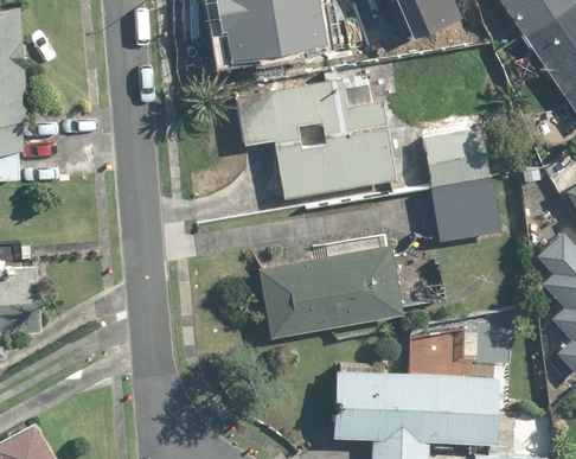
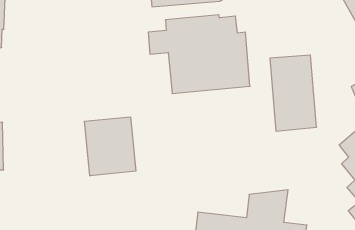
building: [254,232,444,338] -> none
building: none -> [84,117,136,176]

